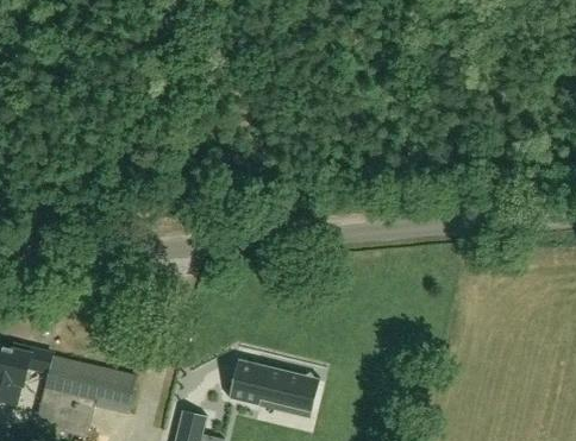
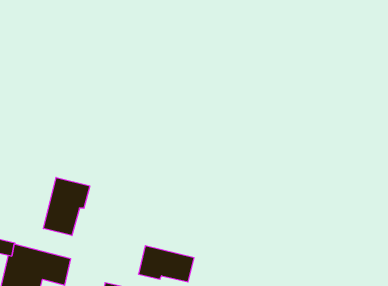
building: none -> [43,177,90,236]

